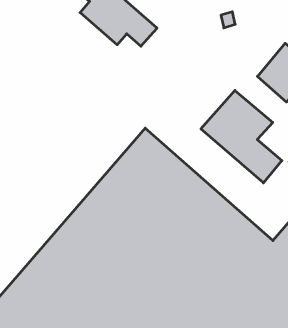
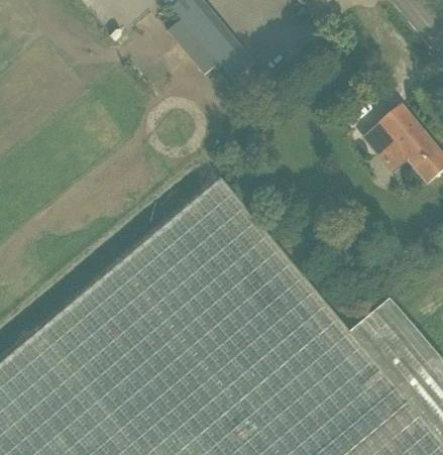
building: [201,90,282,183] -> none

